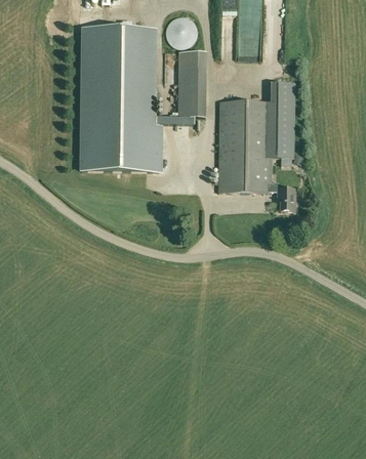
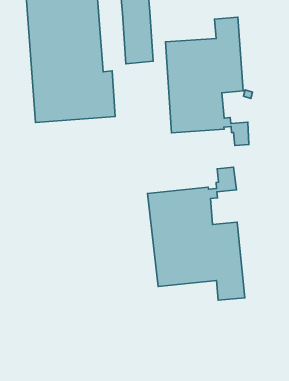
building: none -> [148,167,245,300]

